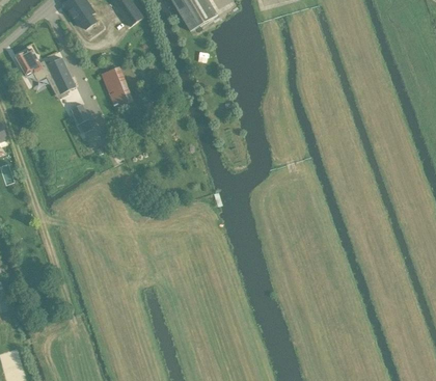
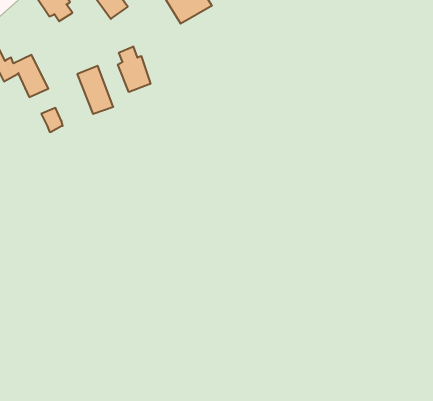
building: none -> [118,46,150,92]

